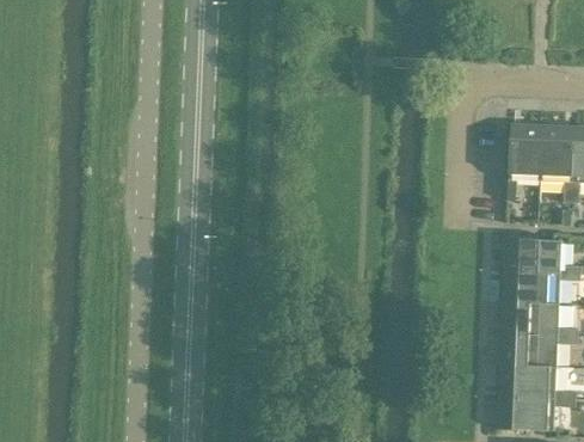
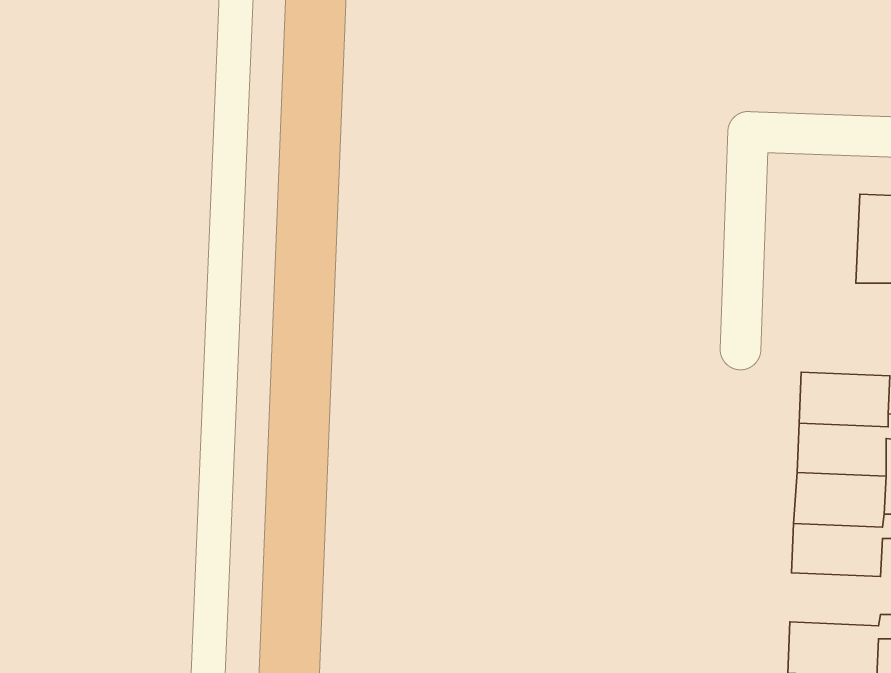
building: [511,122,547,199] -> none
building: [503,363,560,397] -> none

